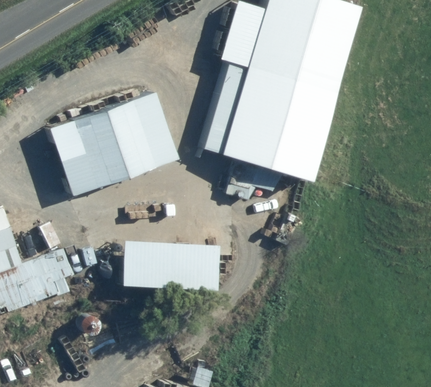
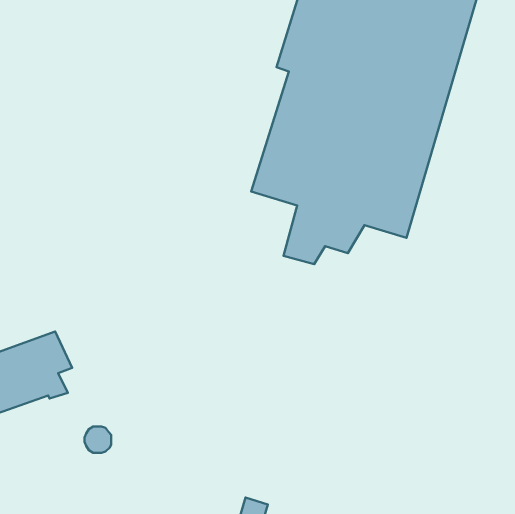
building: [50,91,179,195] -> none
building: [123,240,219,290] -> none

